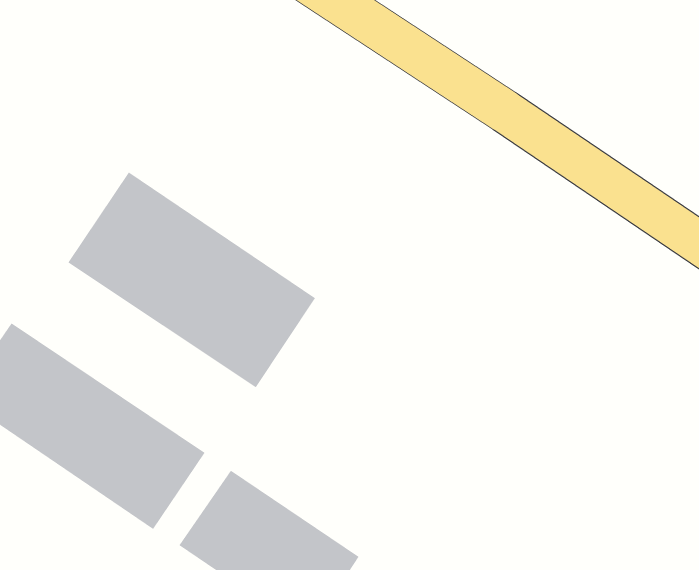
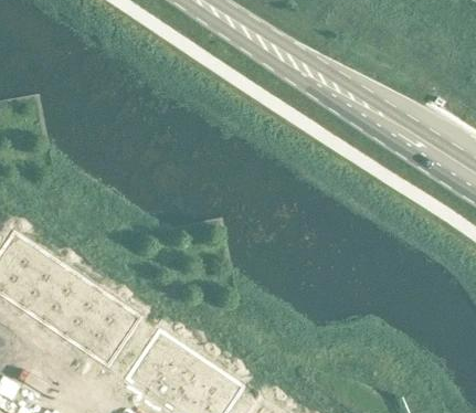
building: [67,172,316,388] -> none

